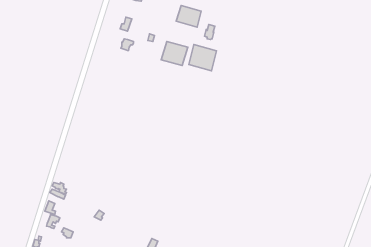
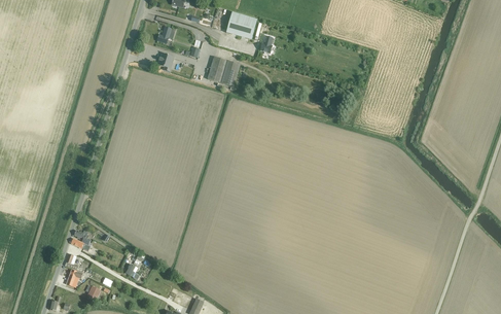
building: [189,44,217,71] -> none

